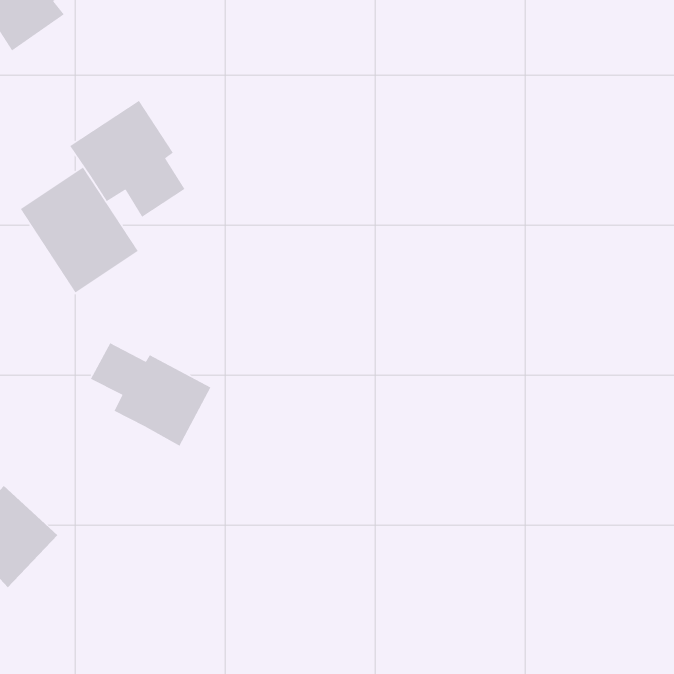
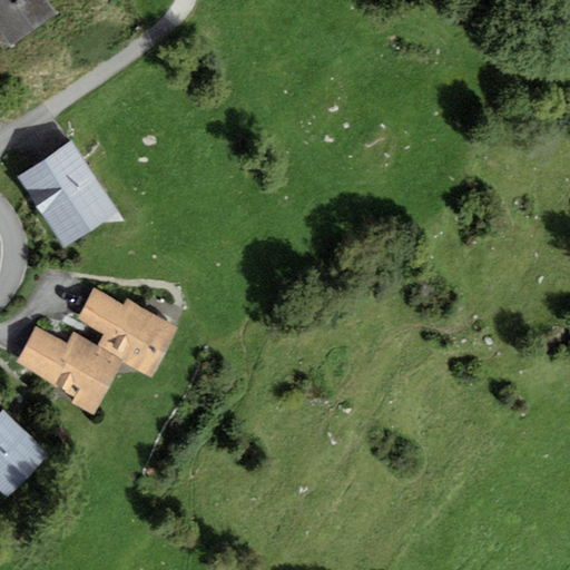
building: [69,100,185,218] -> none
building: none -> [16,325,121,415]

